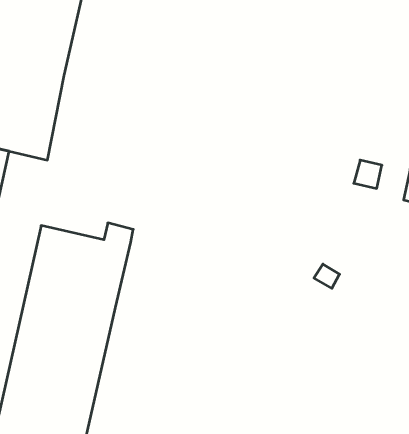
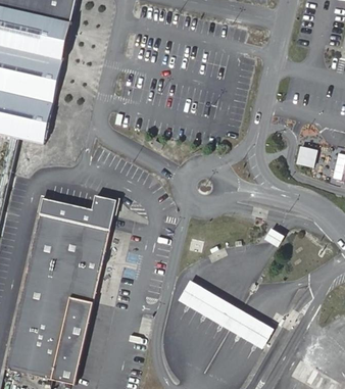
building: none -> [179,280,274,348]

